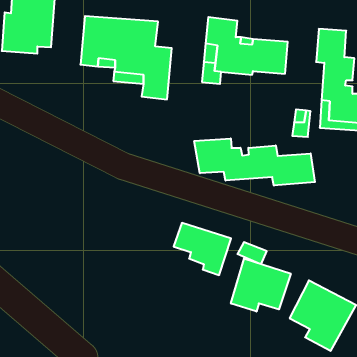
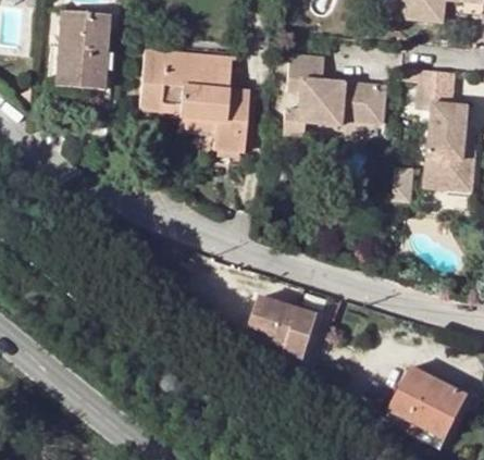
building: [194,138,315,186] -> none
building: [231,258,291,312] -> none

